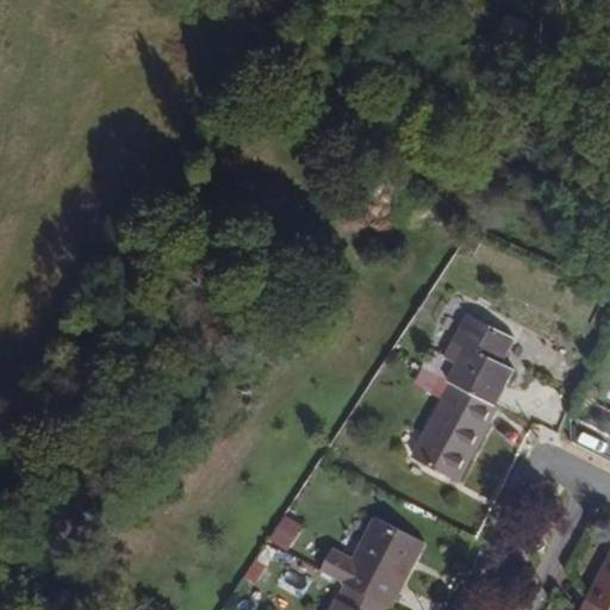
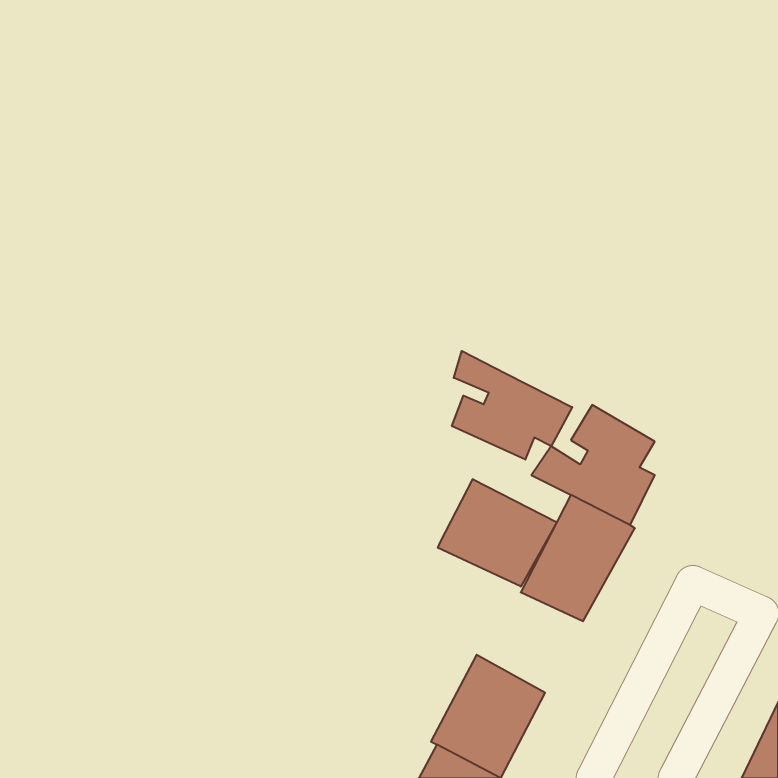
building: none -> [452,351,572,460]
building: none -> [438,479,557,587]

